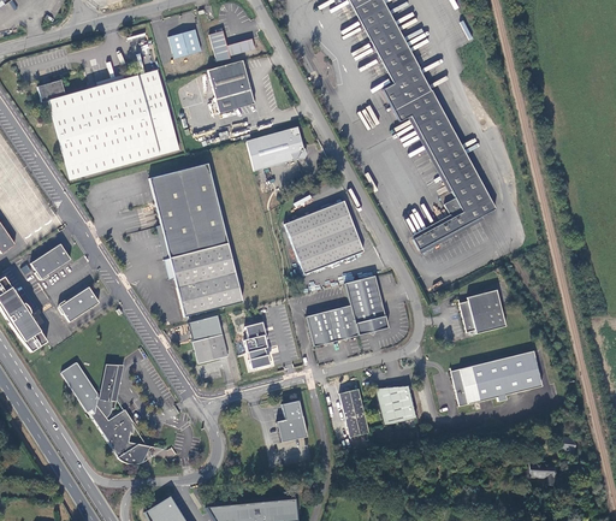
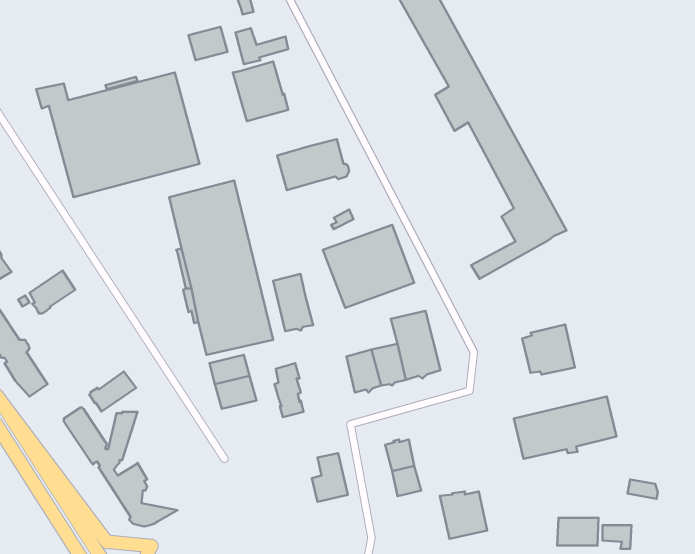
building: none -> [273,274,313,331]
building: [57,286,97,321] -> [89,371,136,411]
building: [375,385,416,426] -> [440,492,487,539]
building: none -> [557,518,599,545]

